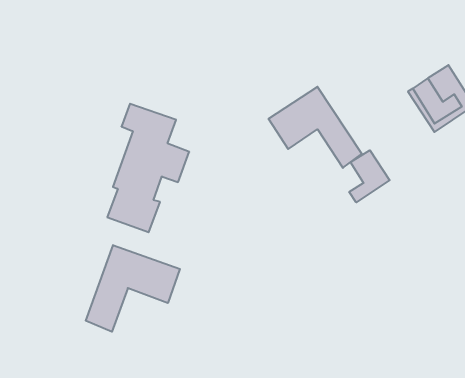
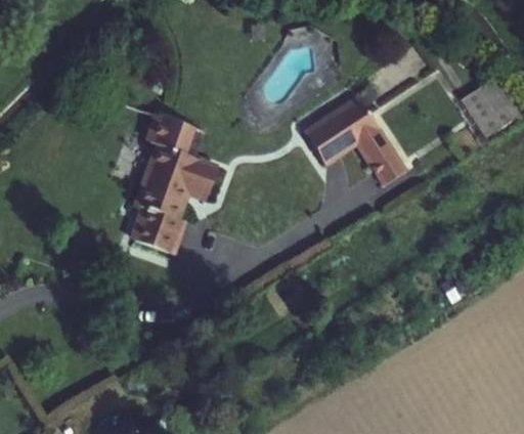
building: [349,150,390,202] -> none
building: [86,245,180,332] -> none

